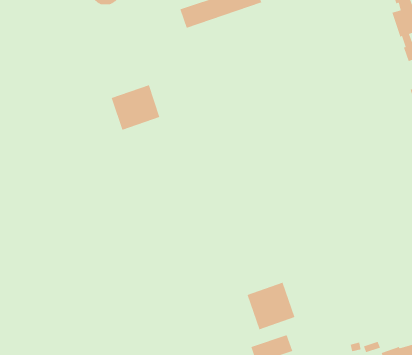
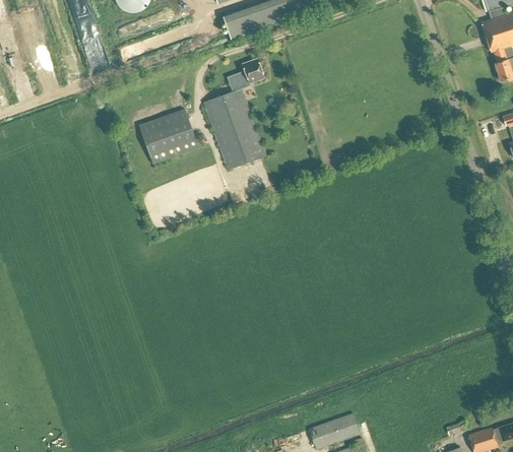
building: none -> [203,58,266,169]
building: [247,282,295,330] -> none

